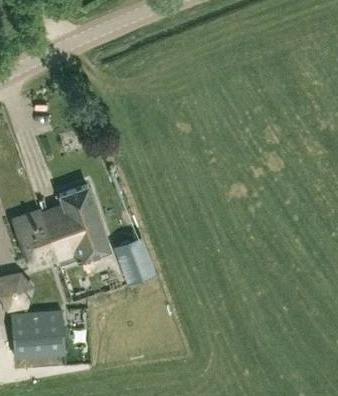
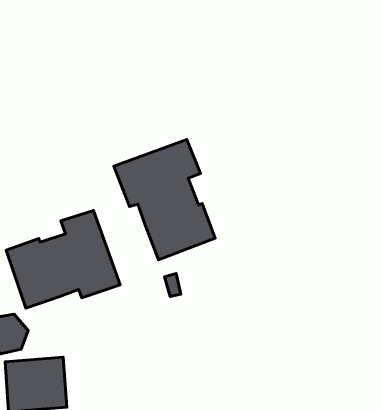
building: none -> [114,140,215,260]
building: [113,234,156,284] -> none

